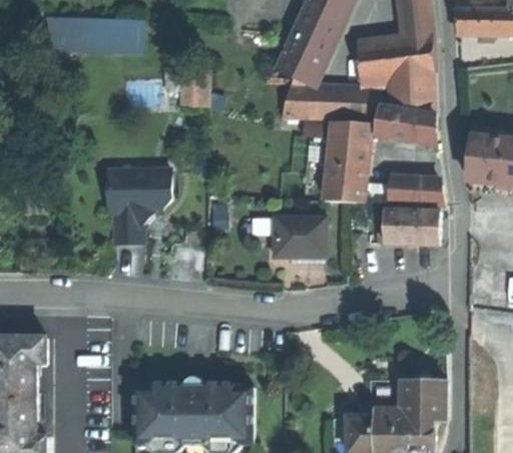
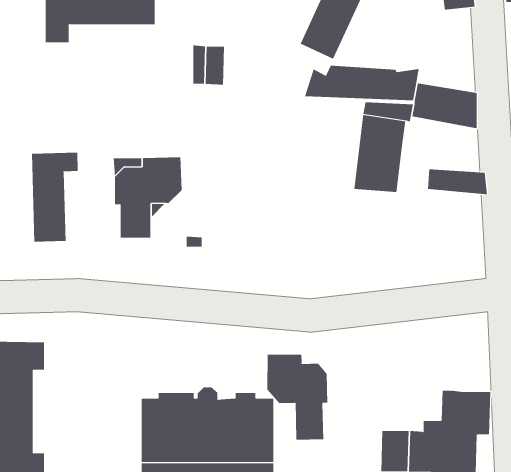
building: [359,35,434,105] -> none
building: none -> [31,152,78,242]
building: [383,208,439,242] -> none
building: [273,215,326,256] -> none
building: none -> [267,354,328,441]

